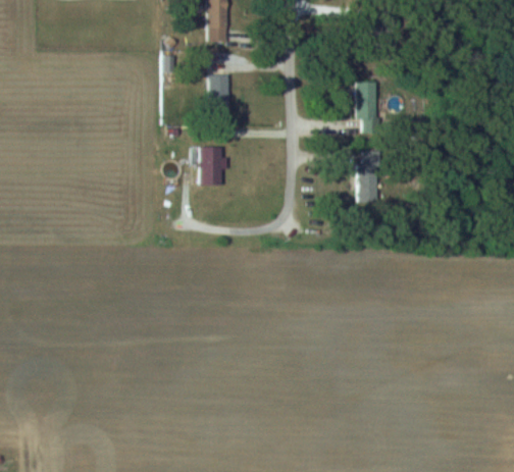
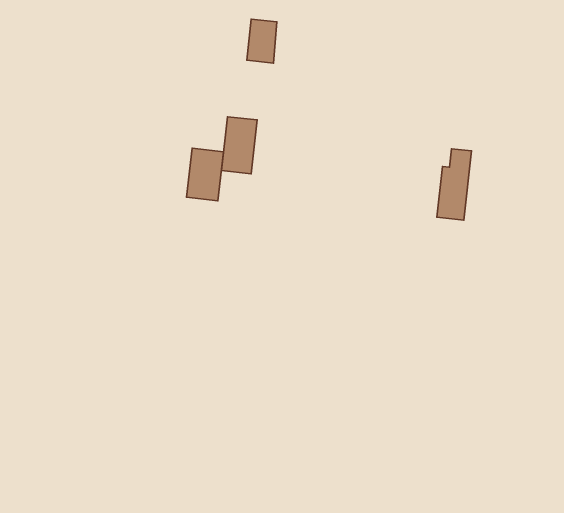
building: [357,82,376,134] -> none
building: none -> [187,148,223,201]

